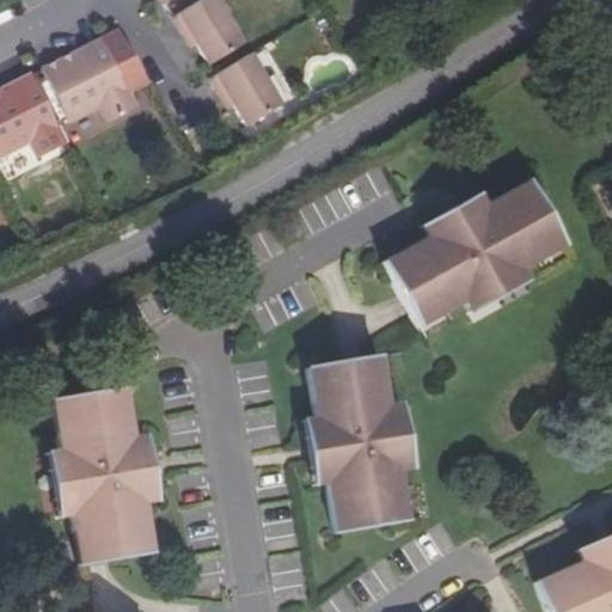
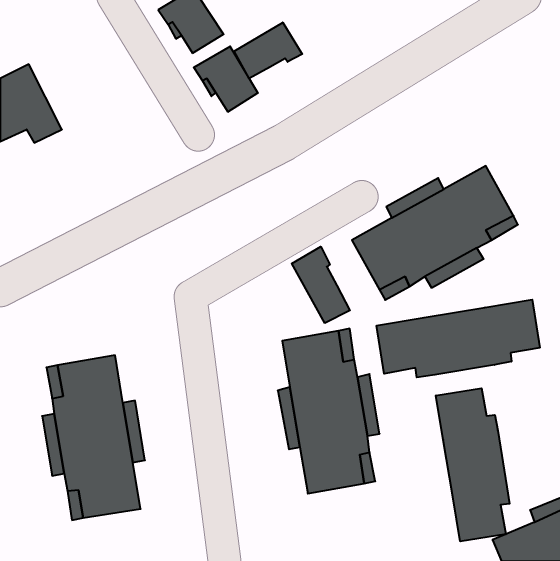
building: none -> [234,22,302,79]
building: [47,35,142,120] -> none
building: none -> [292,247,350,323]
building: none -> [377,300,540,377]
building: none -> [436,388,510,541]

